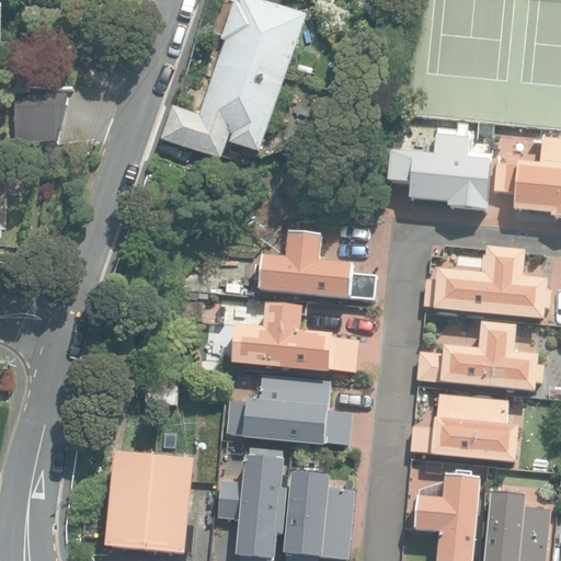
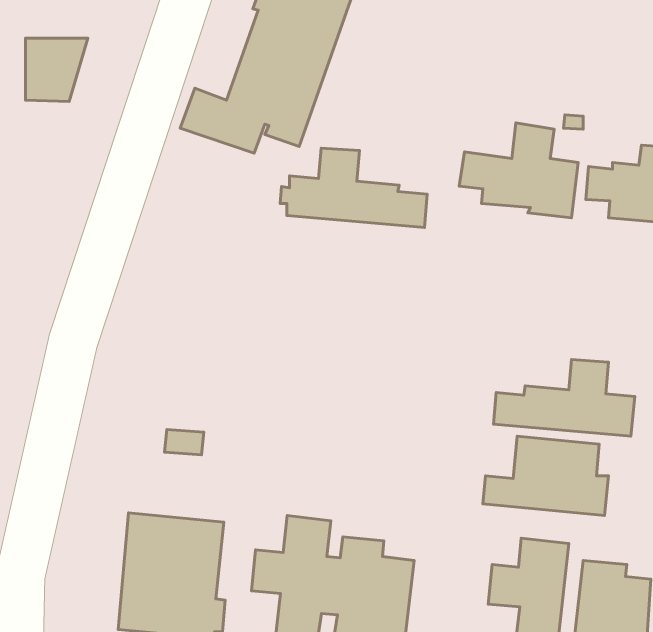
building: [254,233,376,299] -> [280,148,427,227]
building: [426,253,542,314] -> none
building: [234,299,353,368] -> none
building: [232,376,354,447] -> none

